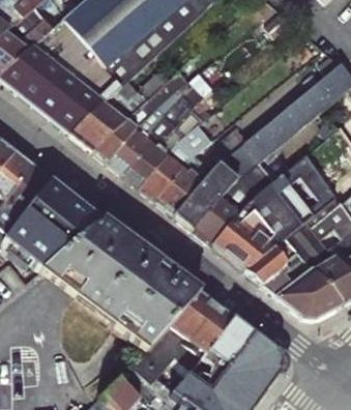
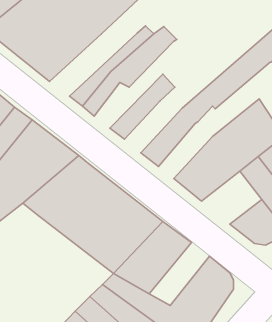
building: [70,65,170,150] -> none
building: [121,88,221,186] -> none
building: [155,129,240,214] -> none
building: [194,181,255,243] -> none
building: [242,235,311,295] -> none
building: [183,316,252,387] -> none

